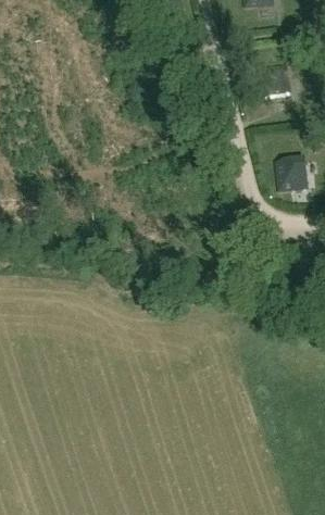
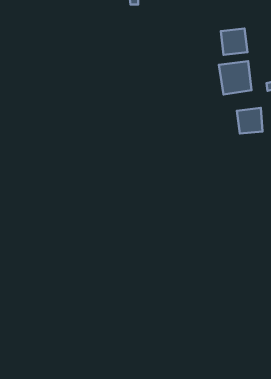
building: none -> [219,61,251,94]

